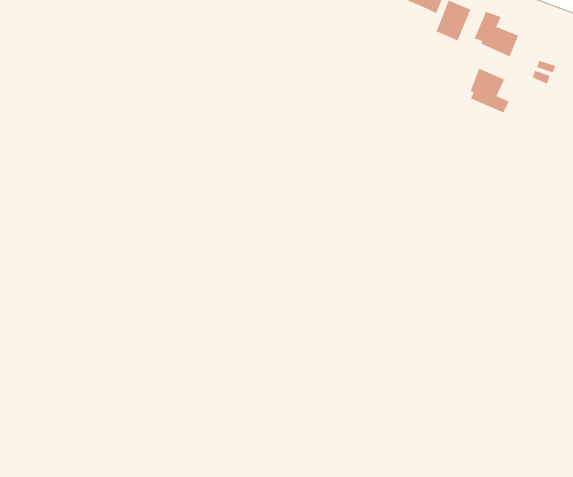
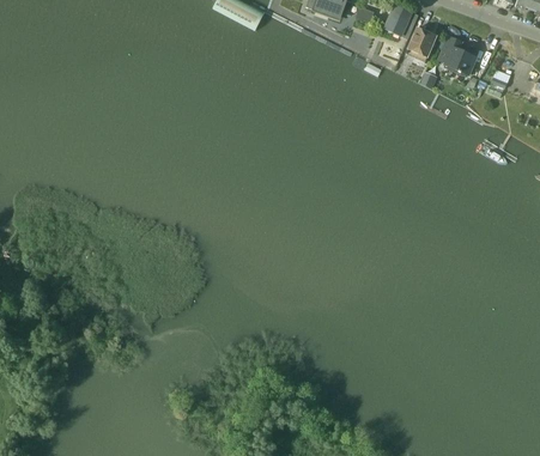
building: [470,68,510,113] -> none

